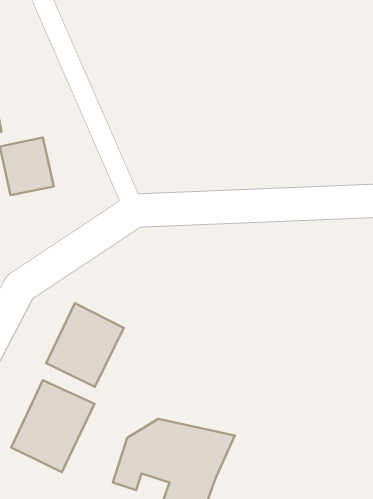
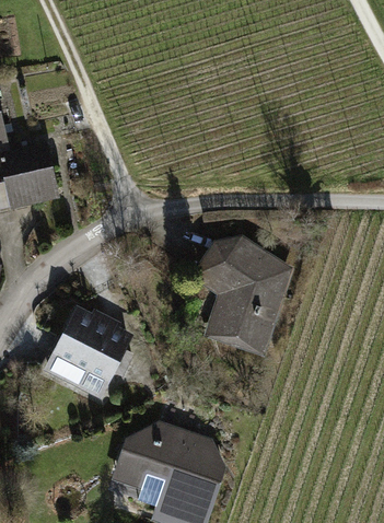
building: none -> [197,241,282,352]
building: [11,380,95,472] -> none

